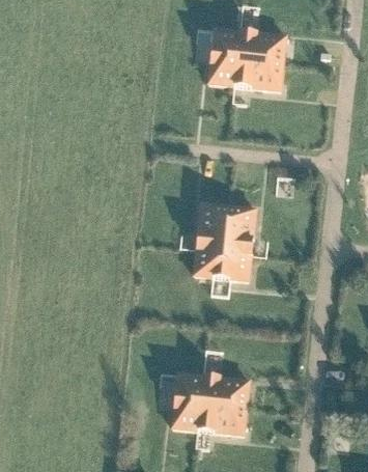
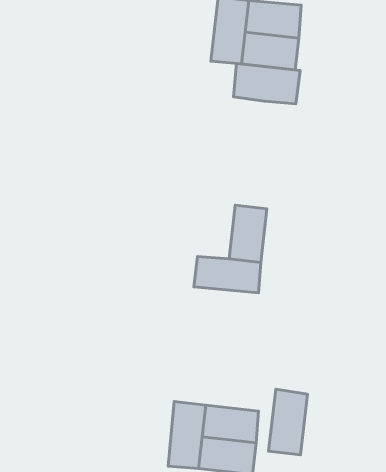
building: none -> [233,63,300,104]
building: [196,203,228,251] -> none
building: none -> [269,389,308,455]

